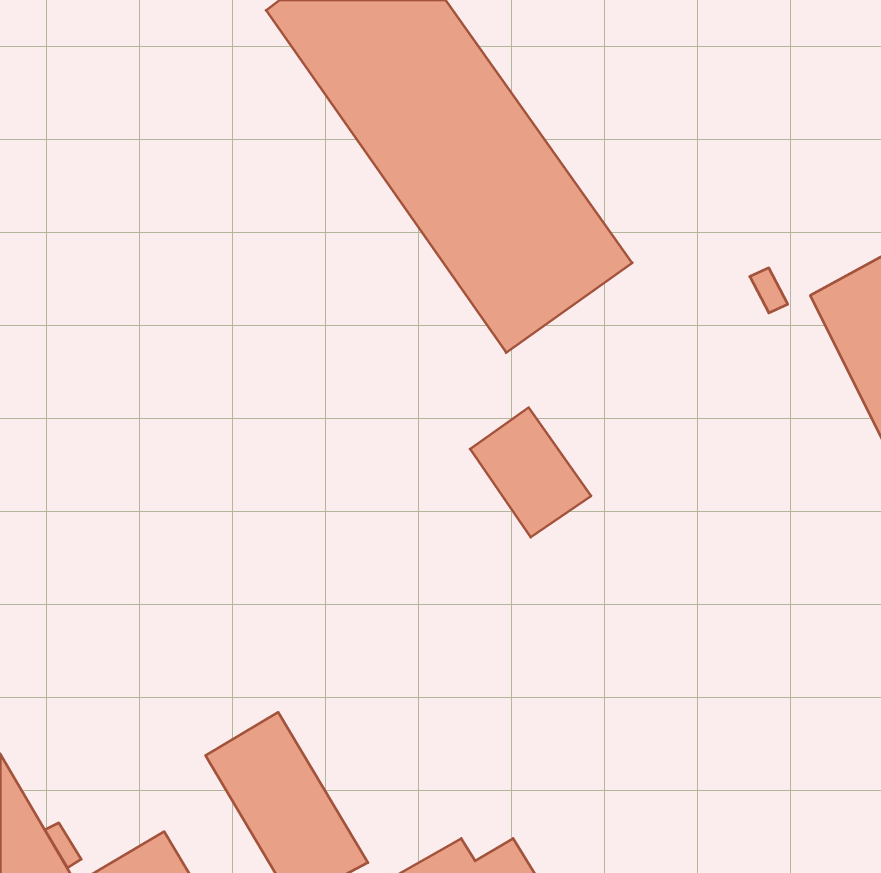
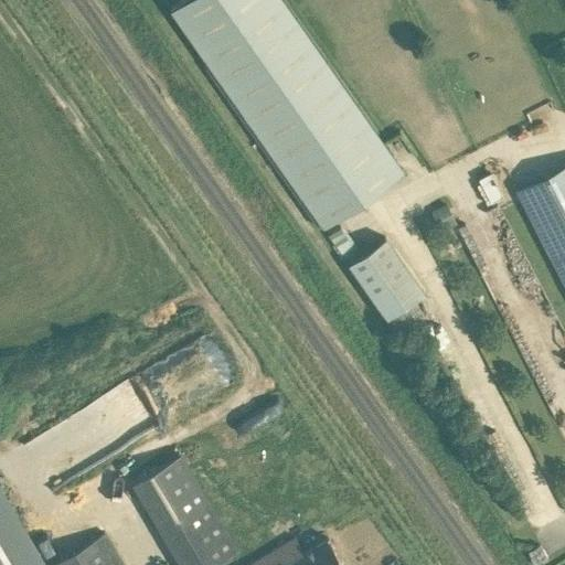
building: [470,408,591,537] -> [349,241,426,323]

